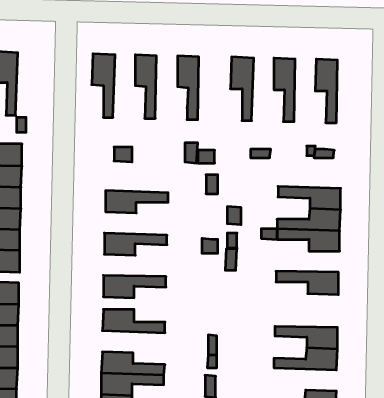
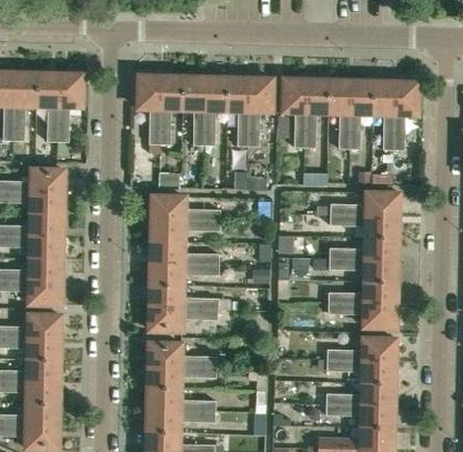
building: none -> [57,73,82,139]
building: none -> [159,76,182,141]
building: none -> [203,77,227,142]
building: none -> [248,78,272,143]
building: none -> [304,79,328,144]
building: none -> [349,80,372,145]
building: none -> [393,81,417,147]
building: none -> [332,192,399,215]
building: none -> [151,195,218,220]
building: none -> [150,240,217,264]
building: none -> [330,281,396,303]
building: none -> [149,284,215,308]
building: none -> [329,338,395,361]
building: none -> [148,364,213,388]
building: none -> [328,403,393,428]

